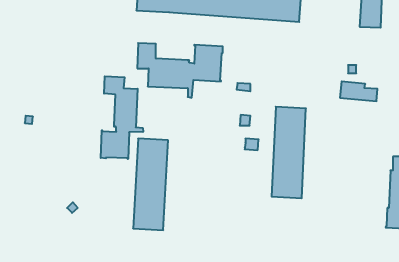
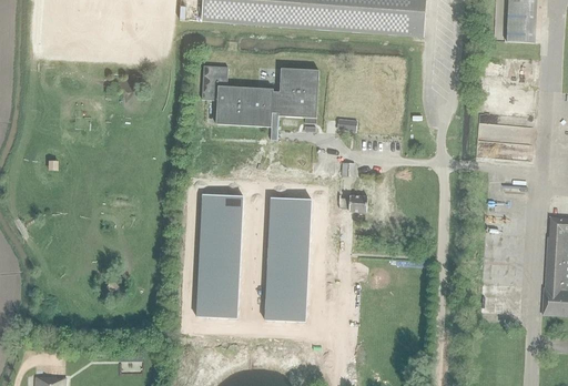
building: [101,76,143,159] -> none
building: [272,107,306,198] -> [265,196,312,321]

